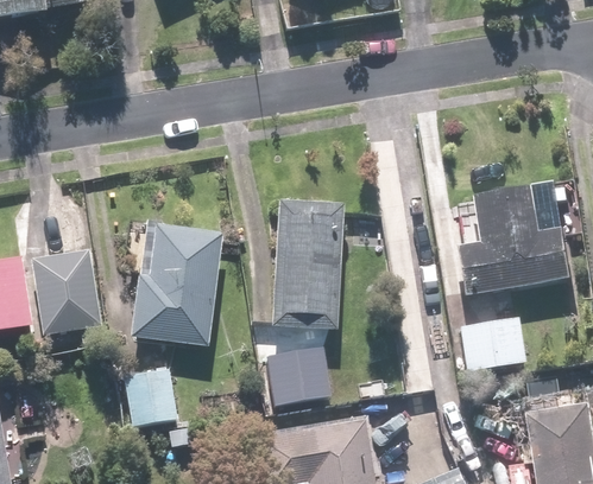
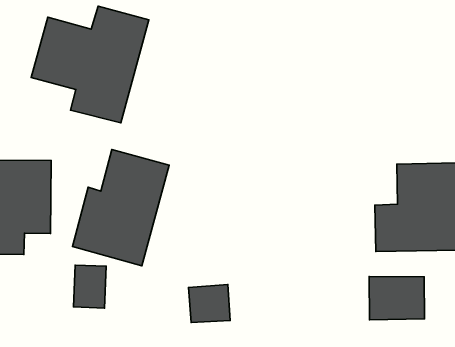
building: none -> [31,6,149,123]
building: [270,200,343,330] -> none

